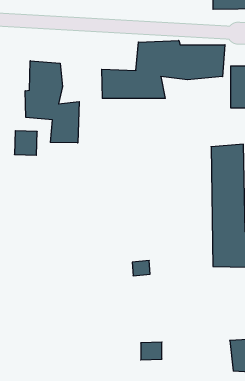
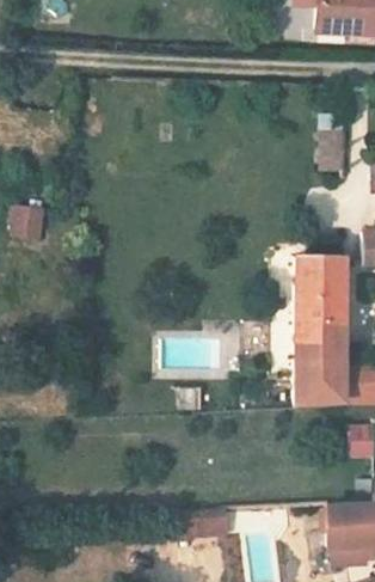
building: [102,40,225,98] -> none
building: [25,61,79,143] -> none

